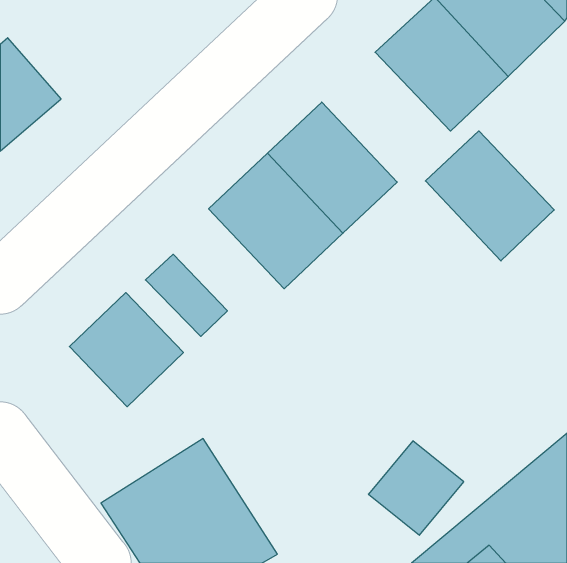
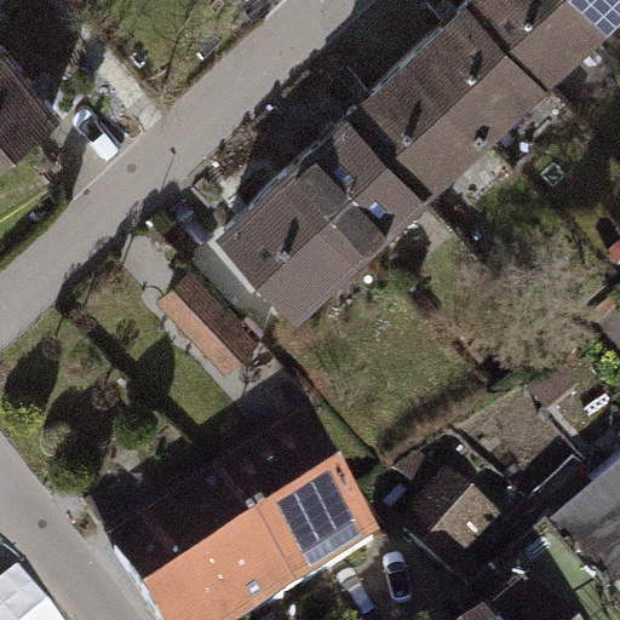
building: [425,131,554,261] -> [351,57,492,199]
building: [69,293,183,407] -> none
building: none -> [222,423,389,604]

